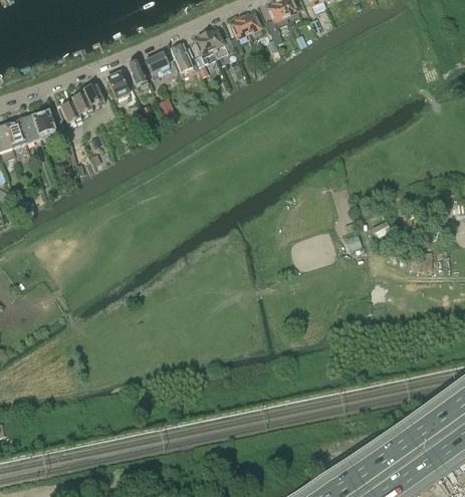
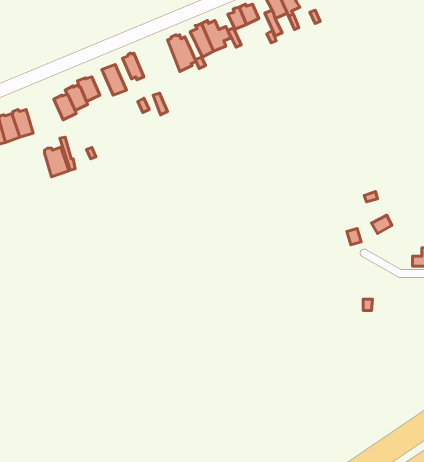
building: [146,51,176,74] -> none
building: [32,109,56,139] -> [44,147,69,177]

